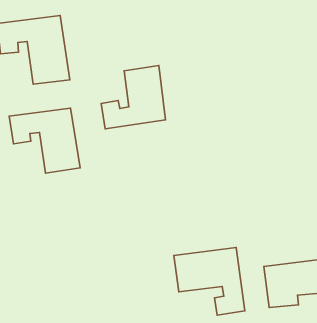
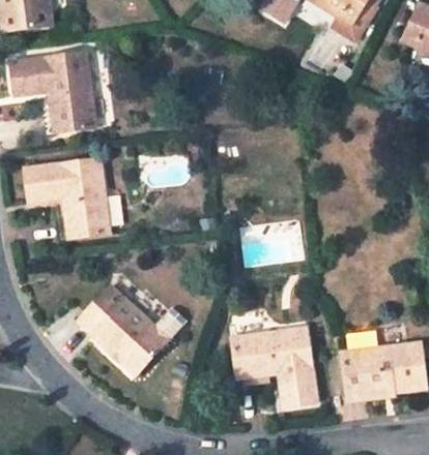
building: [101,66,166,129] -> none
building: none -> [78,287,166,375]

